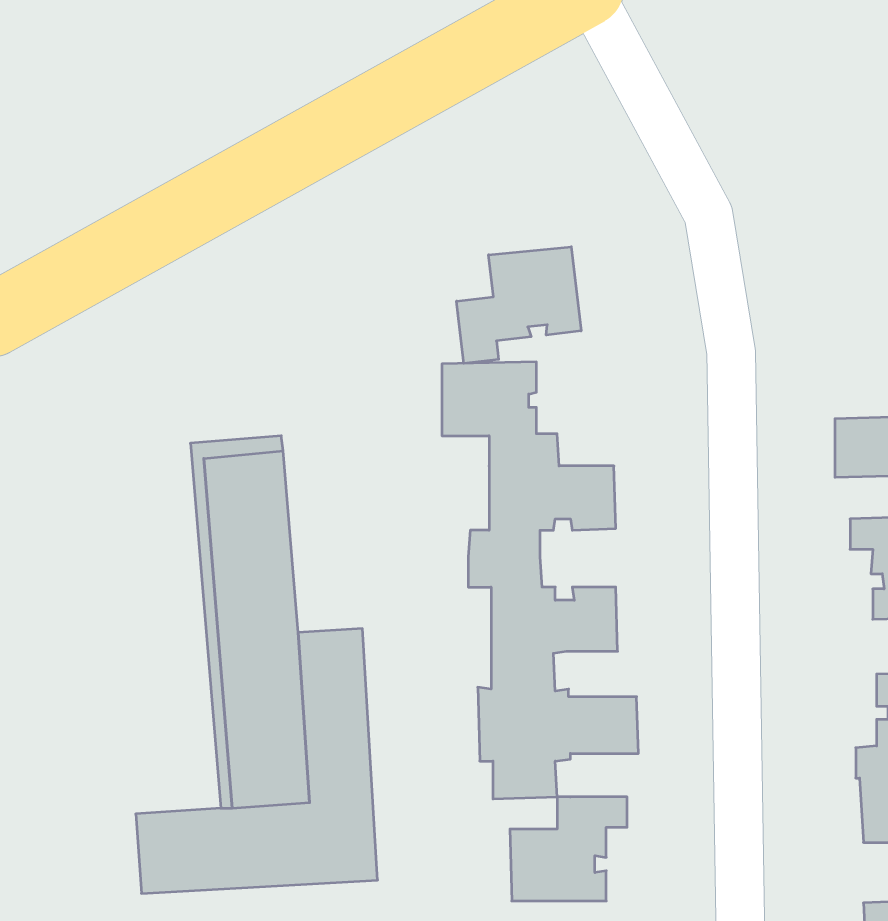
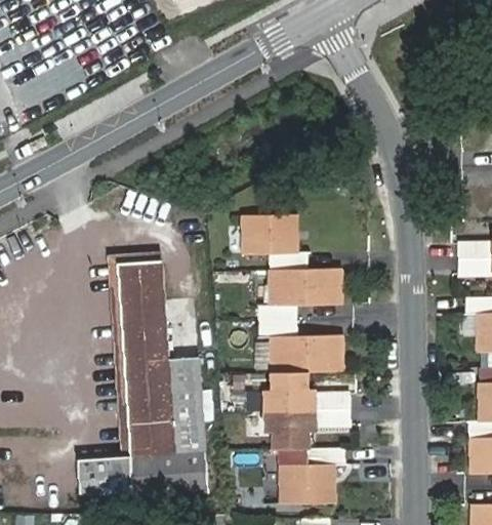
building: [457,247,581,363] -> none

